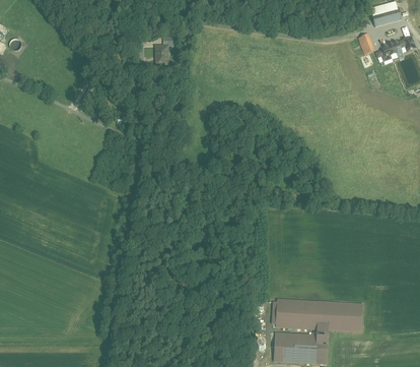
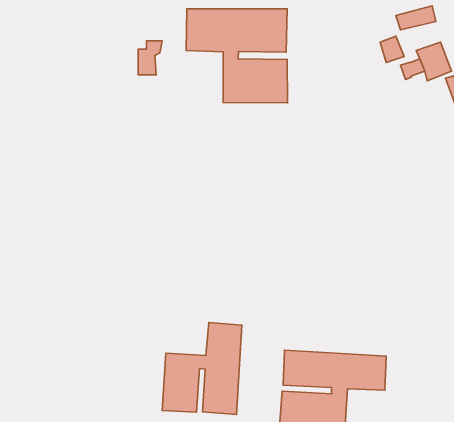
building: none -> [186,9,287,103]
building: none -> [162,323,242,415]

